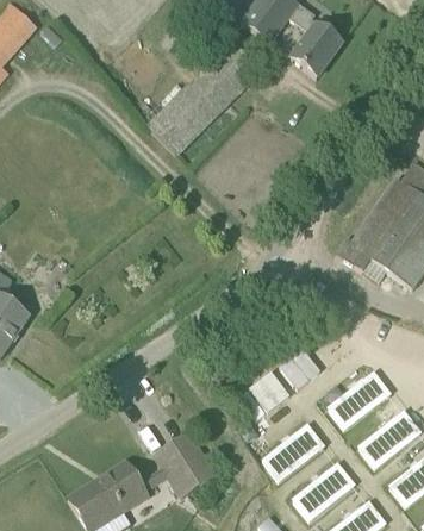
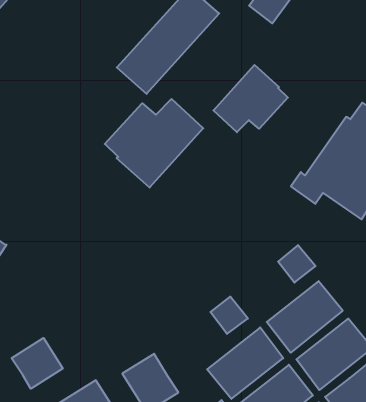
building: none -> [213,65,288,132]
building: none -> [105,99,203,188]
building: [281,348,322,388] -> [278,245,316,283]
building: none -> [12,338,63,389]

